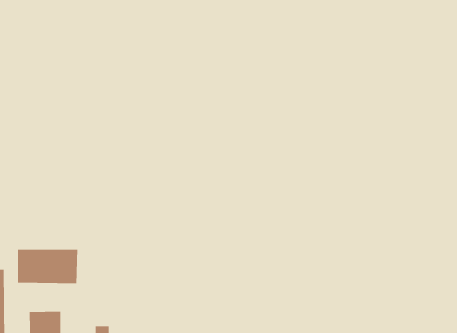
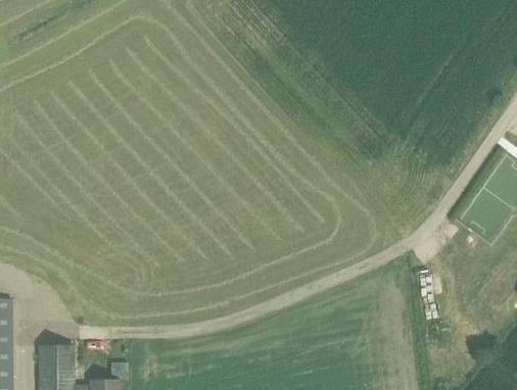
building: [18,249,78,284] -> none

